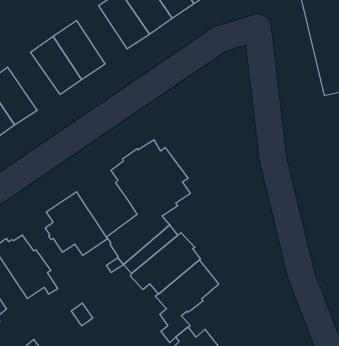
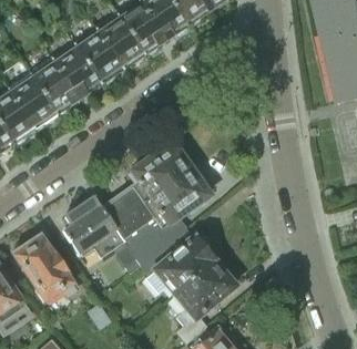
building: none -> [95,13,144,70]
building: none -> [28,59,79,115]
building: none -> [103,186,154,239]

